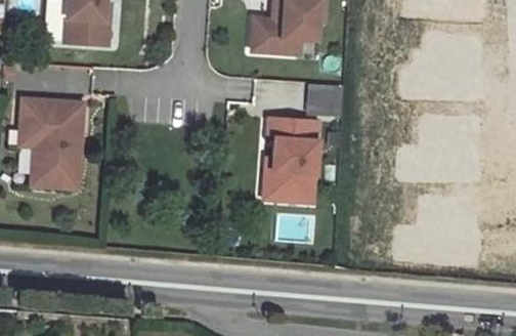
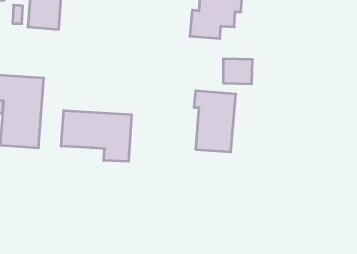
building: [265,140,315,205] -> none
building: none -> [61,110,131,161]

